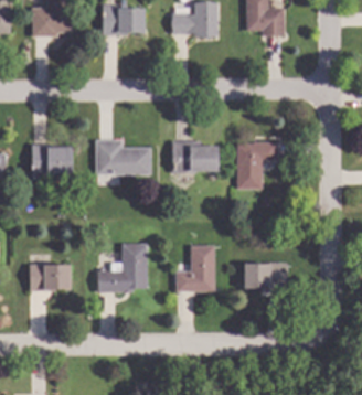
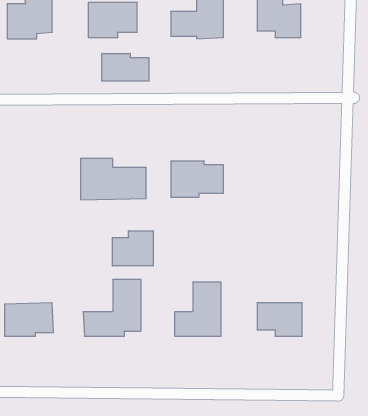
building: none -> [102,53,149,81]
building: [236,142,277,189] -> none
building: [31,143,72,173] -> none
building: none -> [112,231,153,266]

